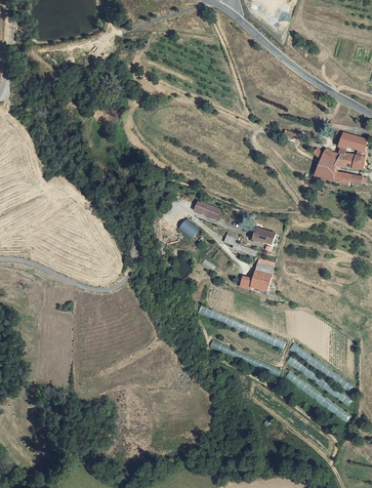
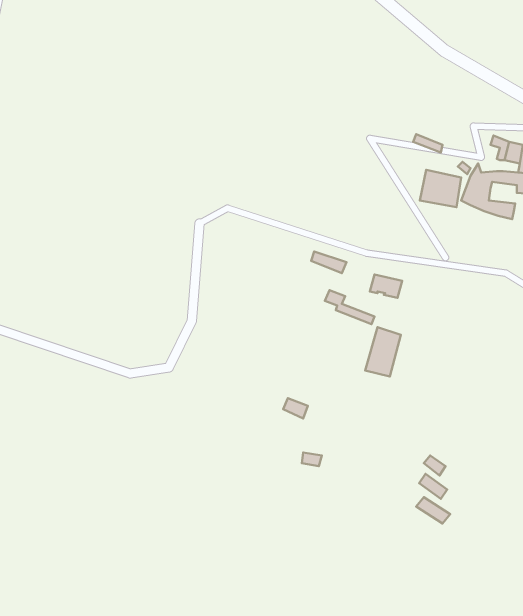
building: none -> [420,170,461,207]

